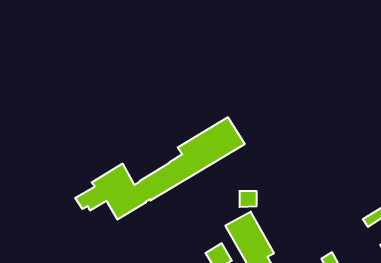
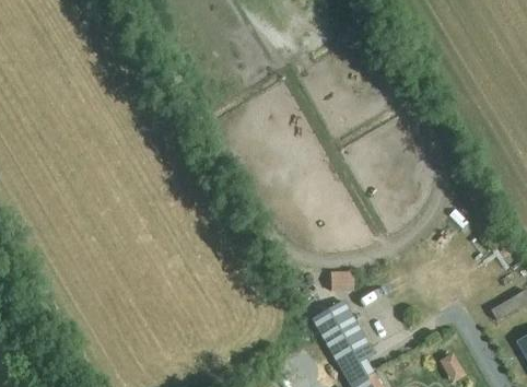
building: [75,117,245,220] -> none

